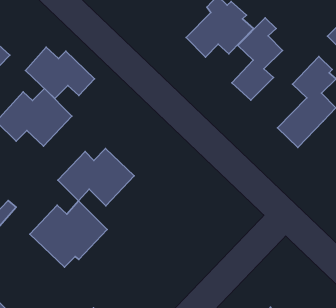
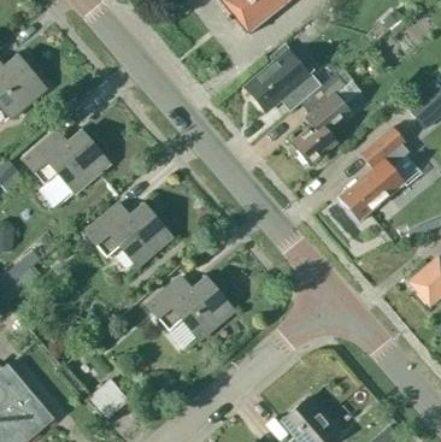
building: [25,47,94,99] -> none
building: [30,201,107,267] -> [148,273,235,346]

